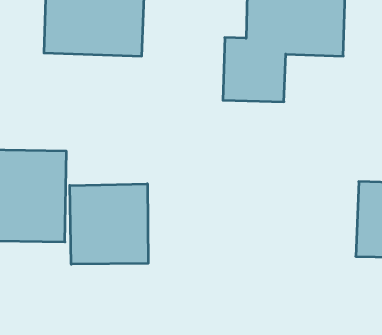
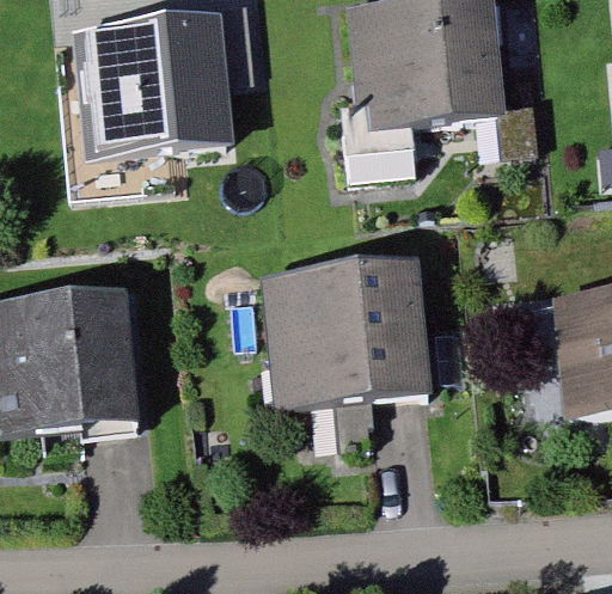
building: none -> [259,259,427,396]
building: [70,184,148,264] -> none

